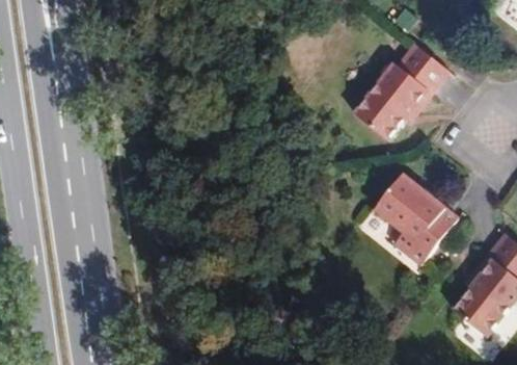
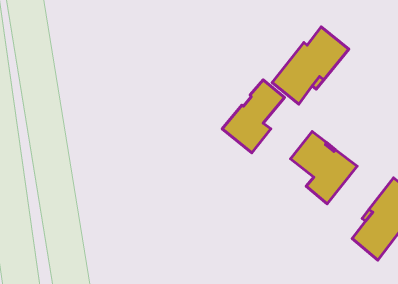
building: none -> [222,80,284,153]

